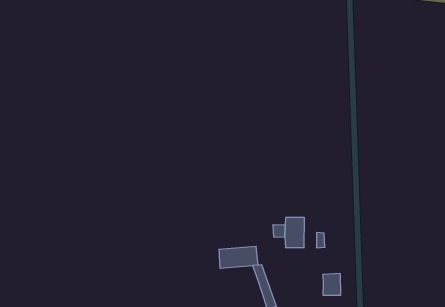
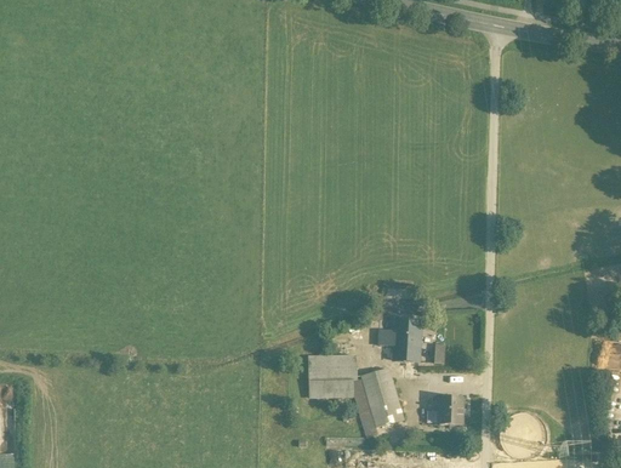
building: none -> [361,367,404,426]
building: none -> [308,378,355,396]

